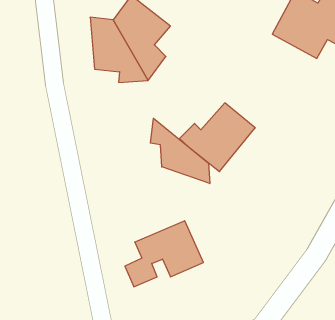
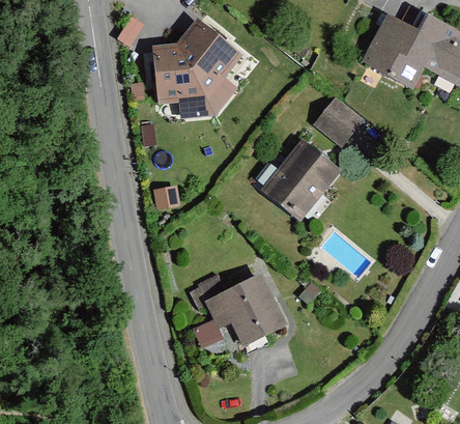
building: none -> [319,102,367,149]
building: [150,118,210,184] -> none

